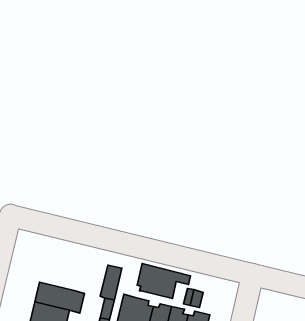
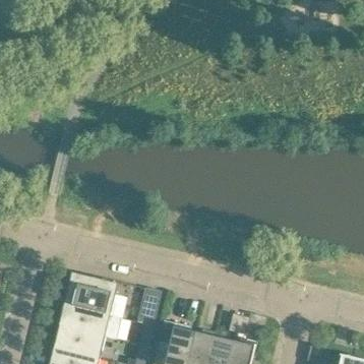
building: none -> [71,285,114,316]
building: [137,264,190,299] -> none

